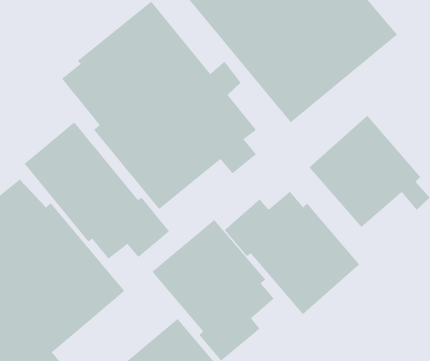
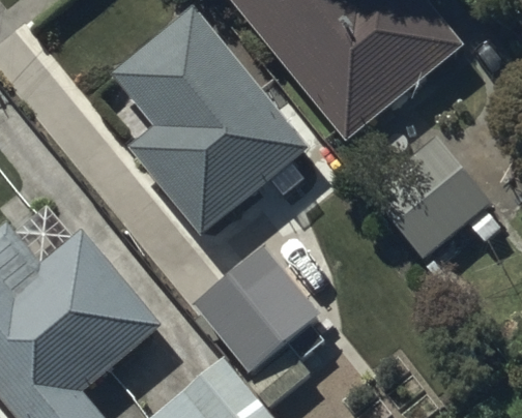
building: [24,121,170,259] -> none
building: [224,191,360,315] -> none

